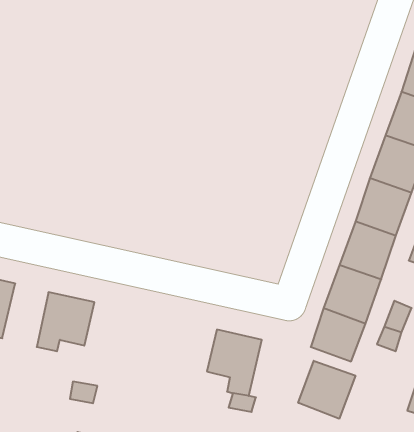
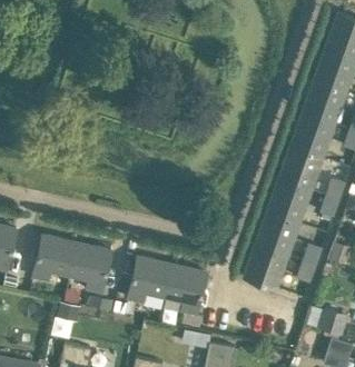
building: none -> [70,244,112,294]
building: none -> [128,257,172,304]
building: [298,361,355,419] -> none

